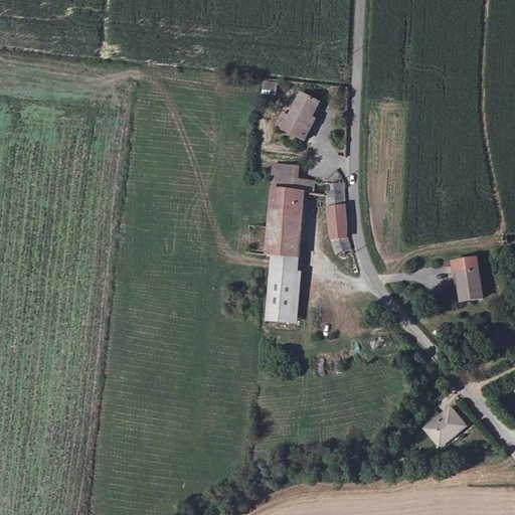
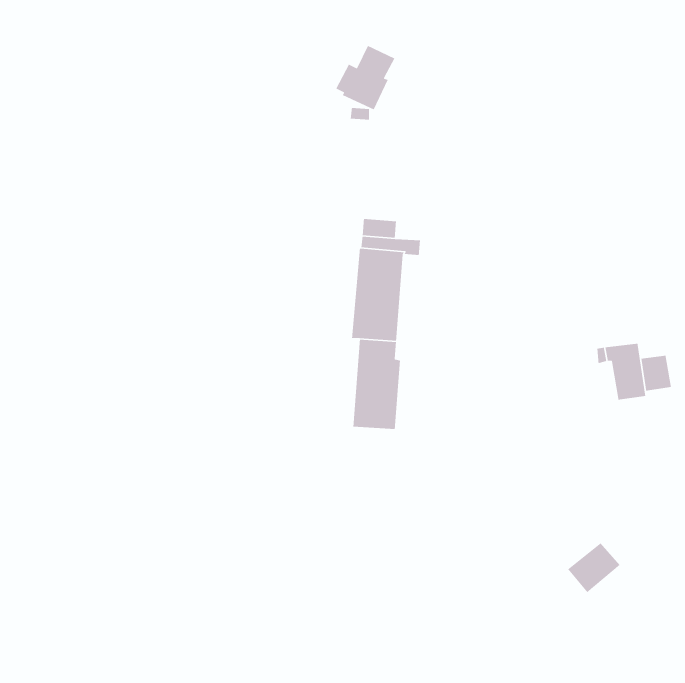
building: [275,92,320,141] -> [335,45,396,110]
building: [326,182,350,254] -> none
building: none -> [640,355,672,391]

